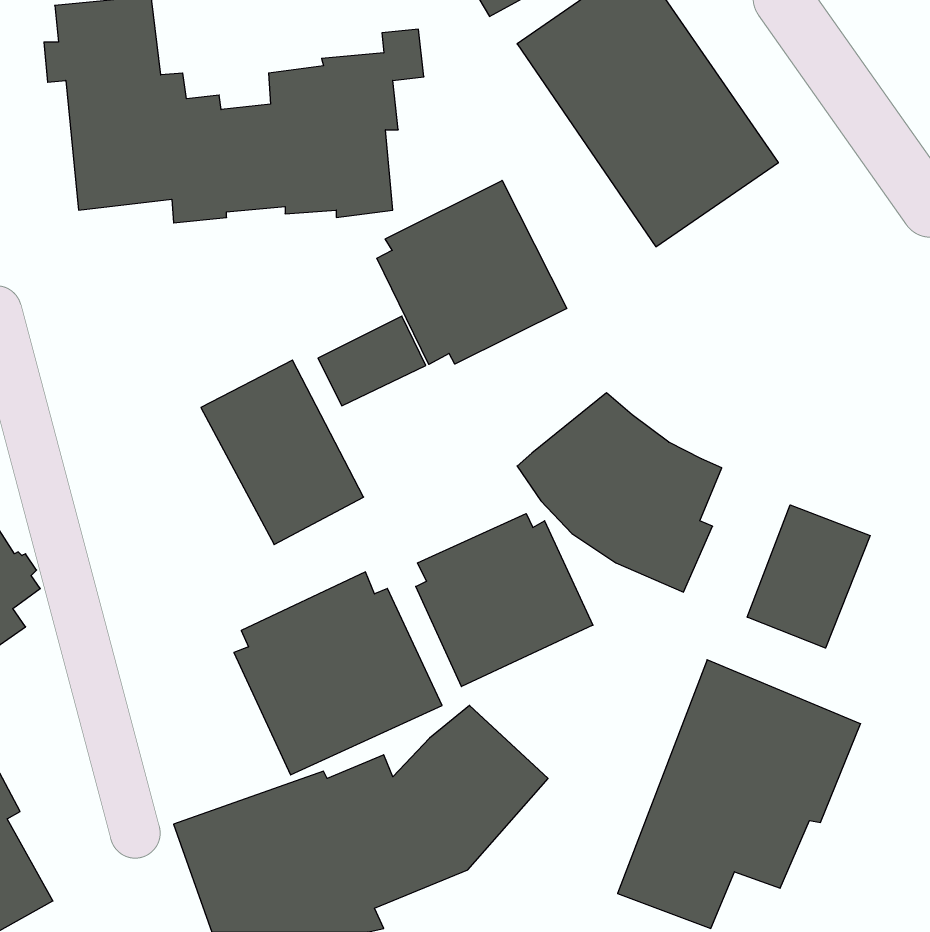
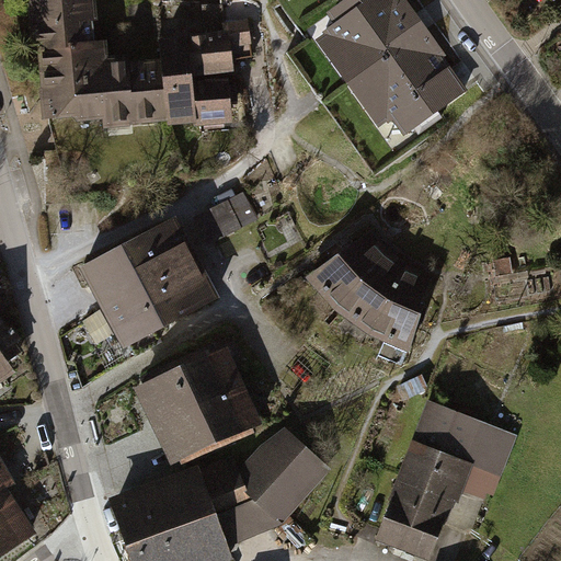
building: [377,180,567,364] -> none
building: none -> [78,244,164,350]
building: [747,505,870,648] -> none
building: [416,514,593,687] -> none

